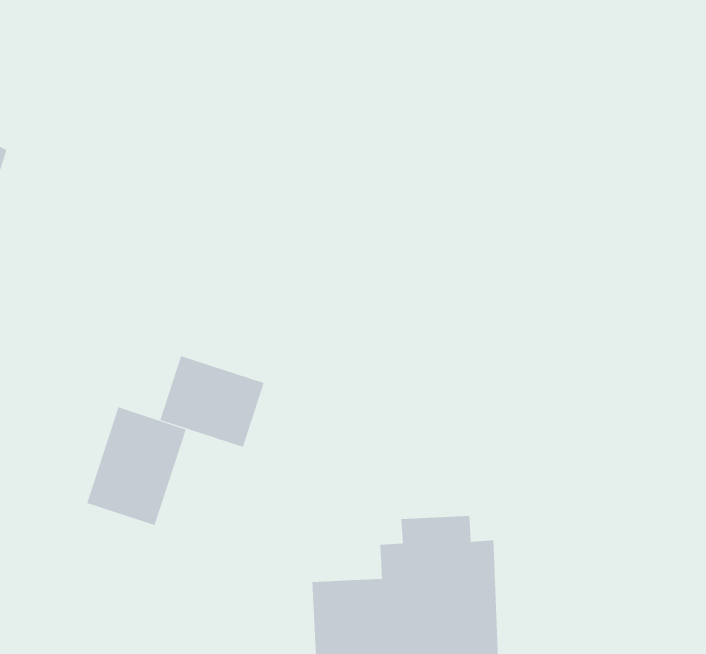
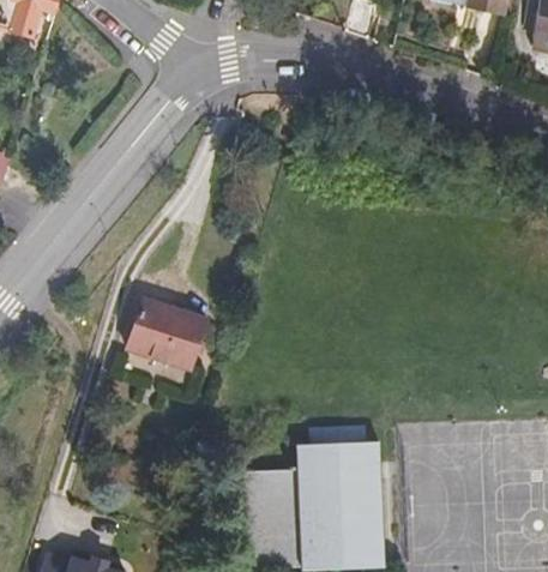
building: [86,407,187,526] -> none

